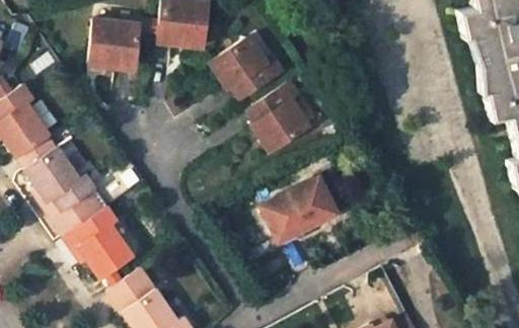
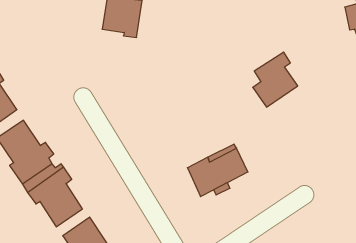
building: [87,21,137,68] -> none
building: [210,38,281,95] -> none
building: [251,83,307,151] -> [253,52,298,107]

